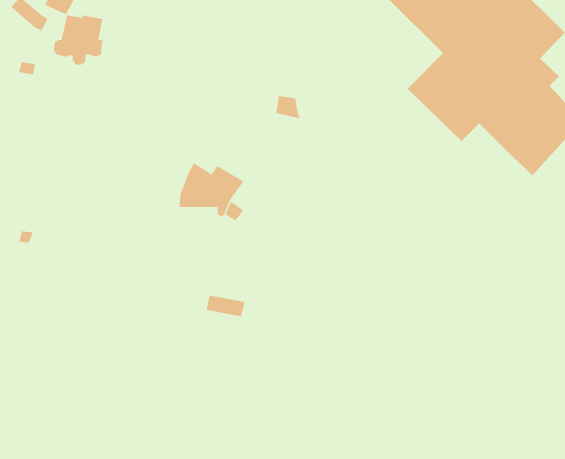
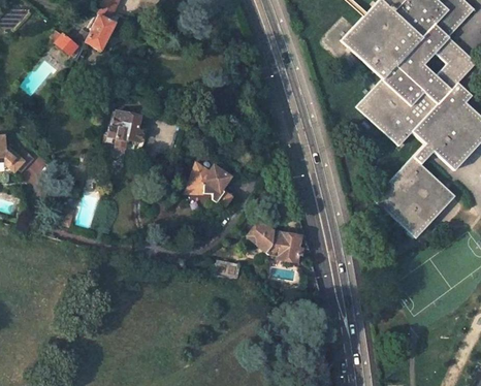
building: [53,15,103,65] -> [102,112,140,151]
building: none -> [374,146,452,237]
building: none -> [250,223,311,264]

